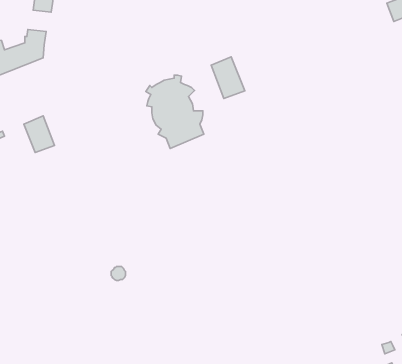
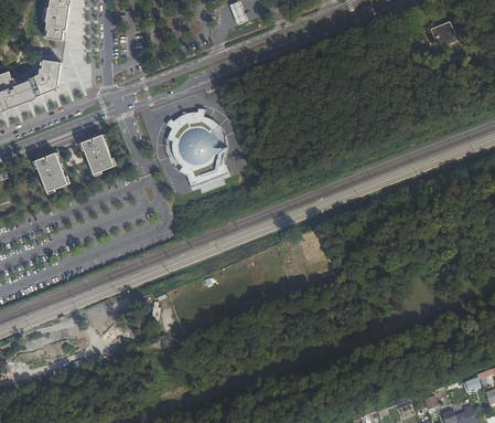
building: [211,57,245,98] -> none
building: none -> [80,134,114,173]

